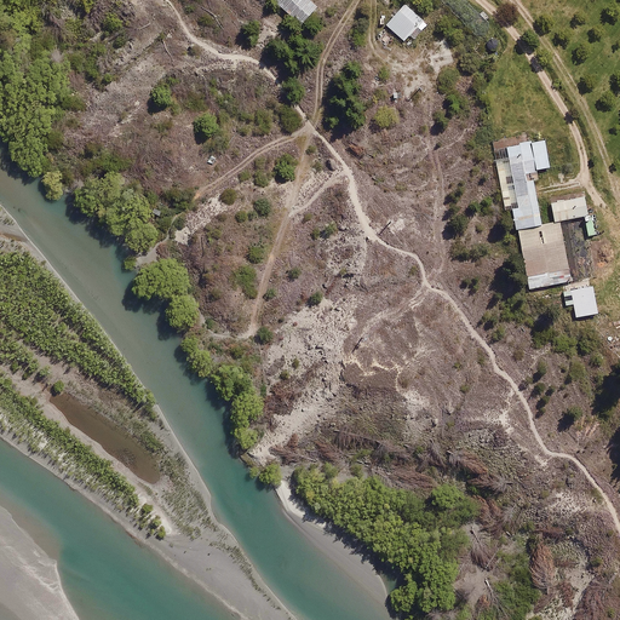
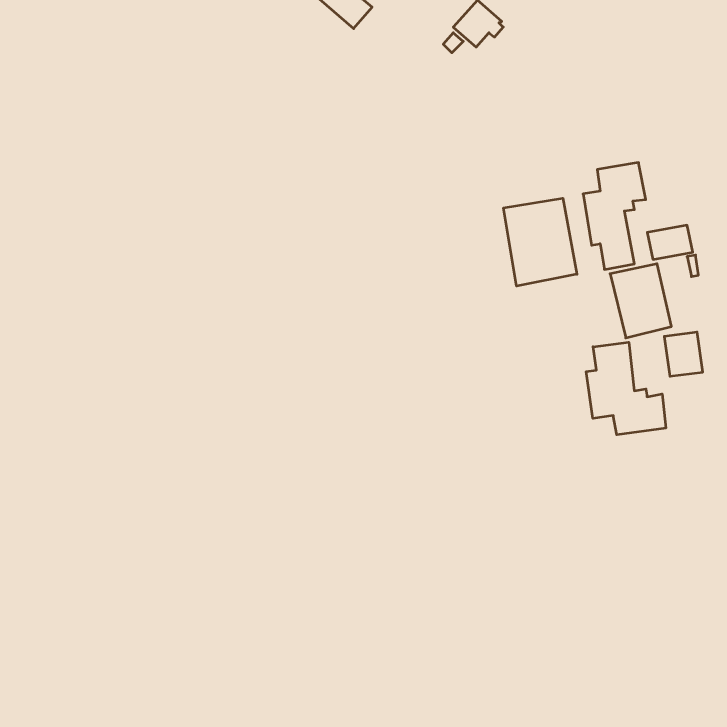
building: none -> [504,198,577,286]
building: none -> [586,342,666,435]

